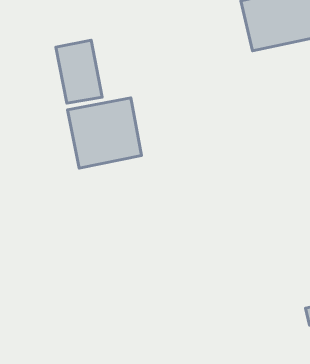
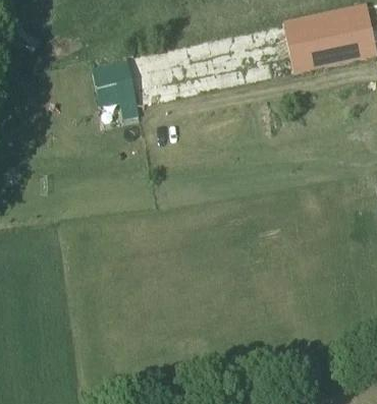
building: [68,98,141,168] -> none

